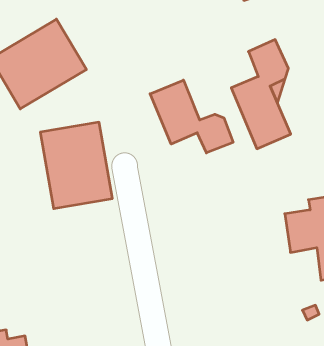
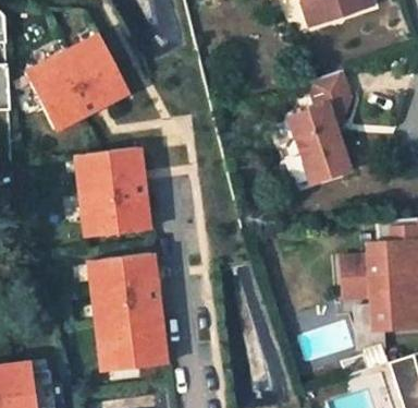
building: [150,80,233,153] -> none
building: none -> [94,252,168,370]

